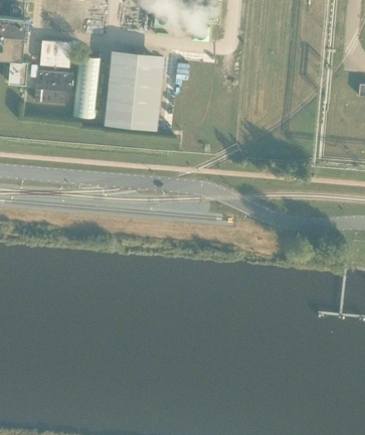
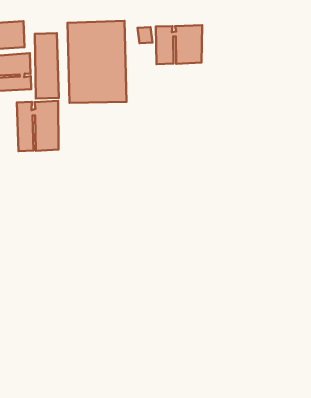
building: none -> [156,25,202,64]
building: none -> [17,101,59,151]

